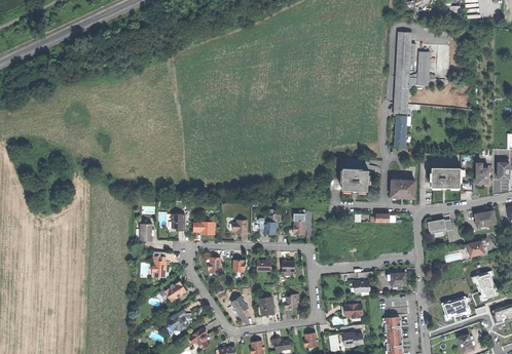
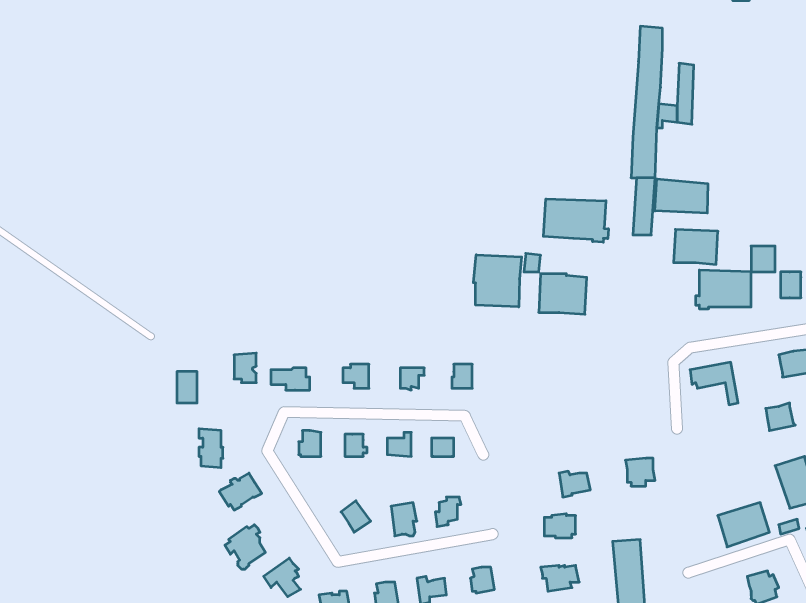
building: none -> [655,179,708,213]
building: none -> [543,199,608,242]
building: none -> [473,255,522,307]
building: [390,180,414,199] -> [674,229,718,264]

